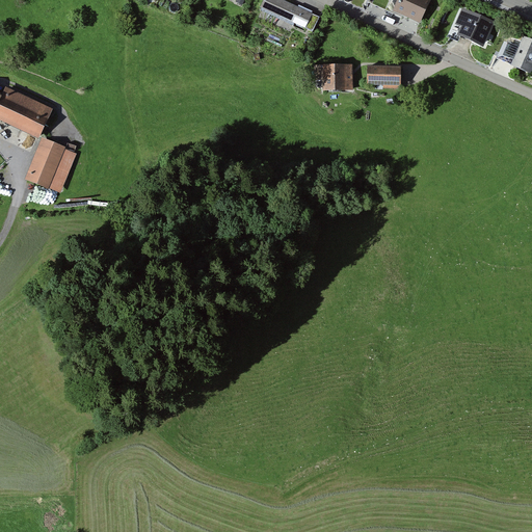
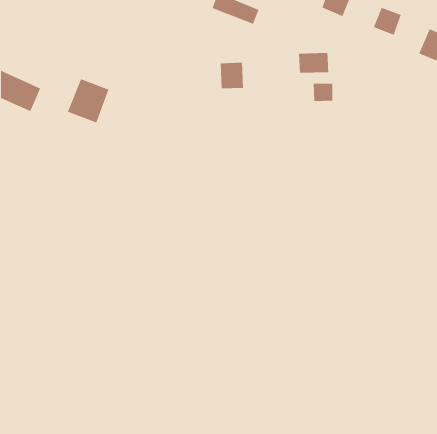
building: [320,60,349,94] -> [220,62,244,89]
building: none -> [313,83,333,102]
building: [26,138,78,193] -> [67,78,110,123]

